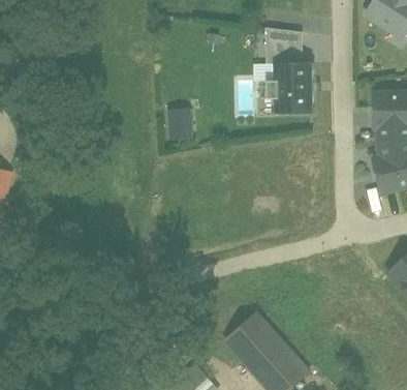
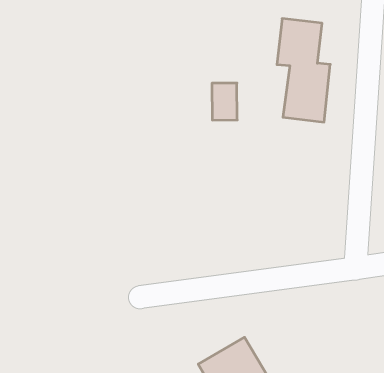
building: [167,108,192,142] -> [212,83,237,120]

